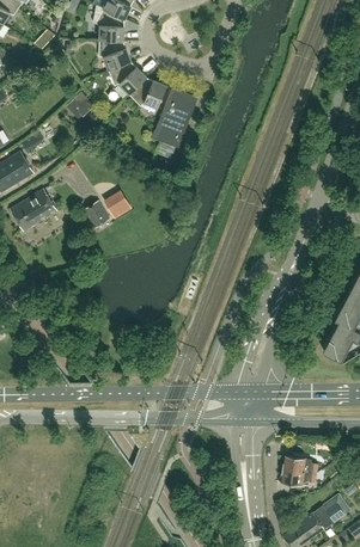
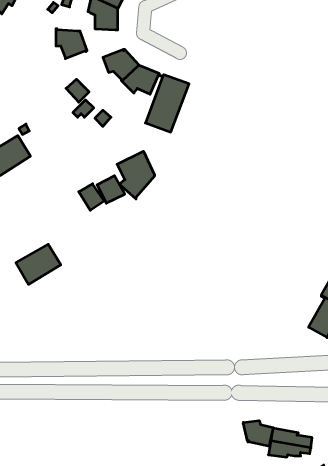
building: [99,38,132,69] -> [56,29,87,59]
building: none -> [117,151,154,199]
building: [11,189,57,231] -> [16,244,61,284]
building: none -> [243,421,273,446]

